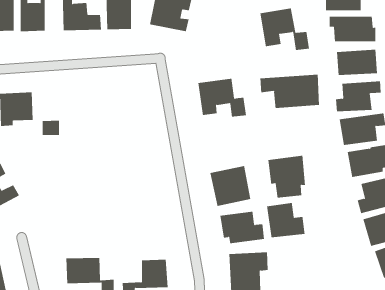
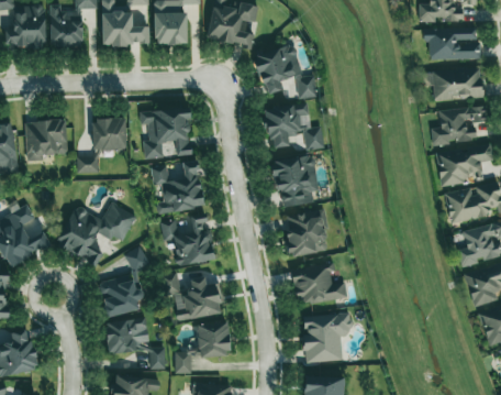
building: [260,8,310,51] -> [256,47,316,99]
building: [260,74,319,109] -> none
building: none -> [140,110,191,160]
building: none -> [91,119,126,151]
building: none -> [151,161,202,213]
building: [268,155,306,198] -> [271,155,318,207]
building: none -> [55,202,136,267]
building: none -> [160,215,213,265]
building: none -> [98,249,147,317]
building: [267,202,305,238] -> none
building: none -> [163,272,222,321]

